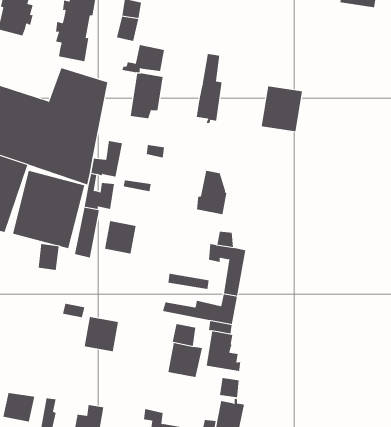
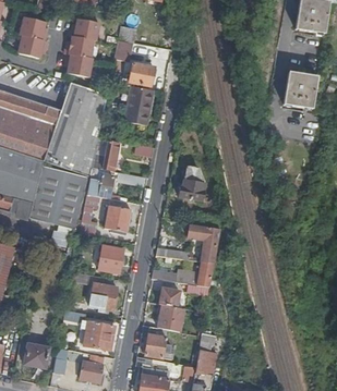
building: [196,53,222,124] -> none
building: [261,86,303,132] -> [282,72,316,109]
building: none -> [98,244,124,272]
building: [206,331,241,371] -> [145,326,173,358]
building: none -> [63,309,115,350]

